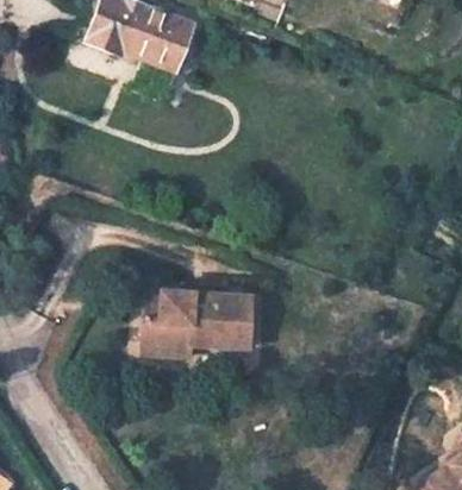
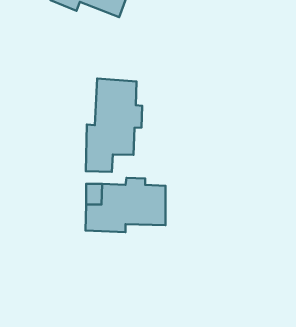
building: none -> [86,78,142,172]

